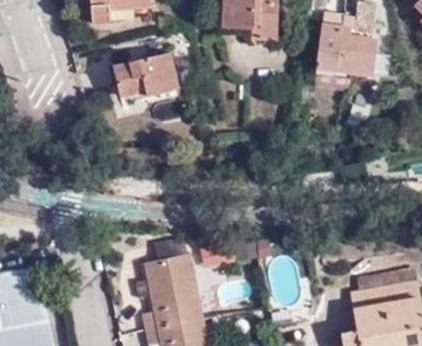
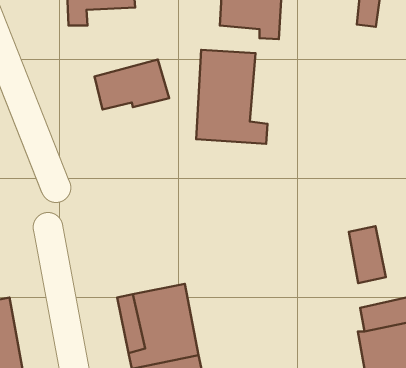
building: [312,19,369,69] -> none
building: none -> [196,50,268,144]
building: none -> [349,226,386,283]

